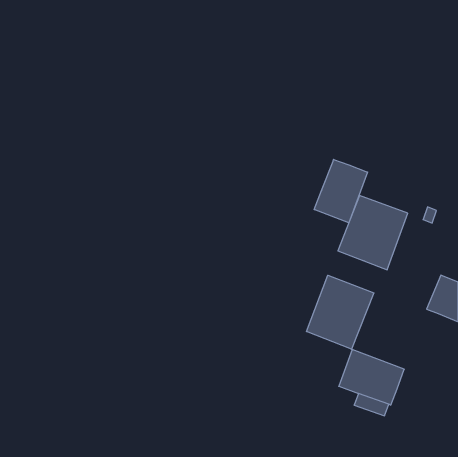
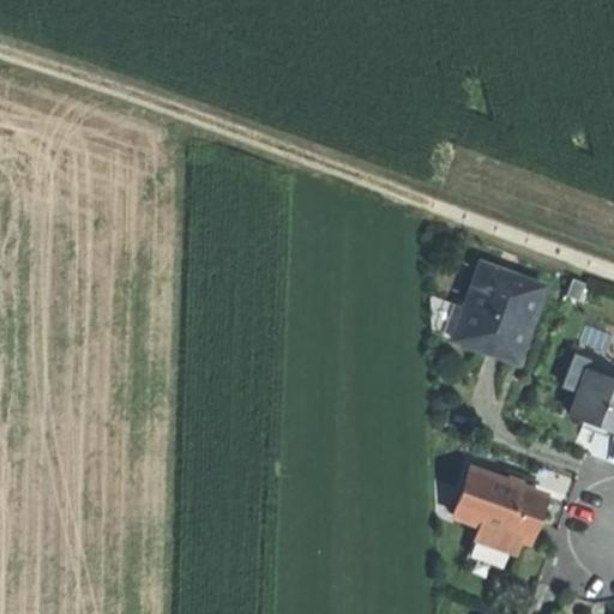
building: [314,159,368,223] -> none
building: [307,275,374,349] -> none

